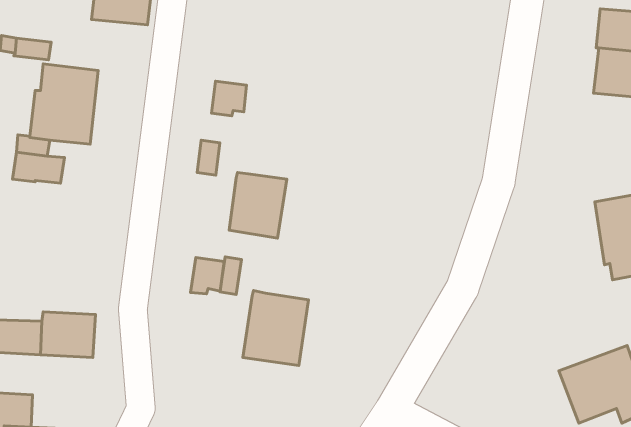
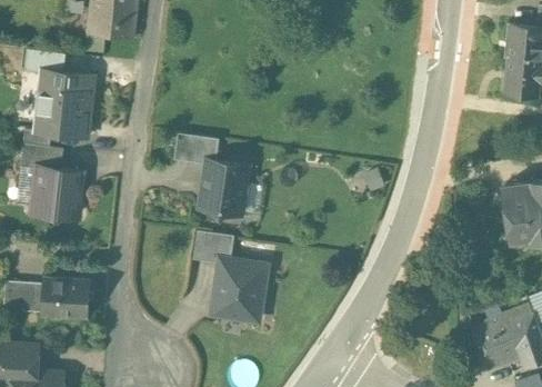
building: [212,81,246,116] -> [189,137,218,166]
building: none -> [31,168,81,217]
building: [191,258,224,294] -> [205,234,233,264]

